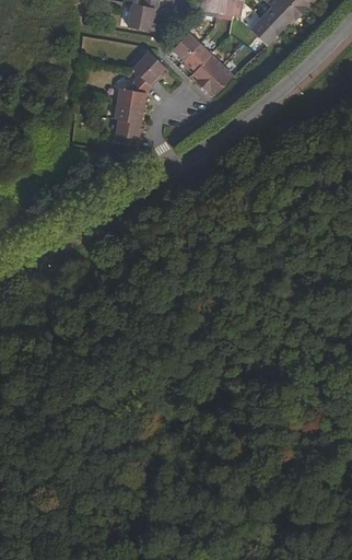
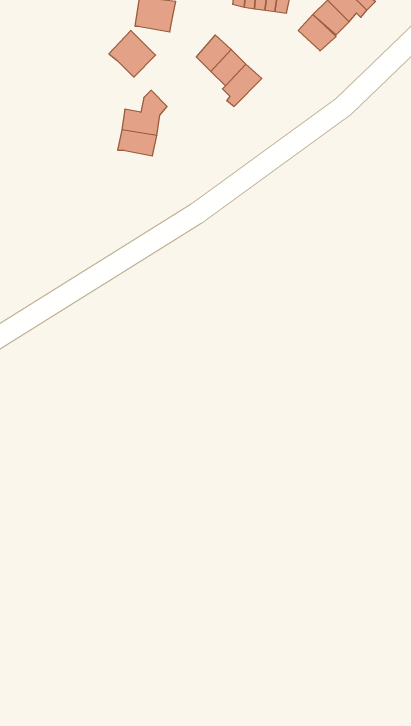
building: [132,50,167,85] -> [109,30,156,77]
building: [201,65,233,94] -> none
building: [116,118,144,147] -> none

